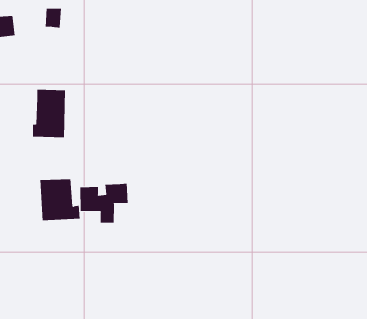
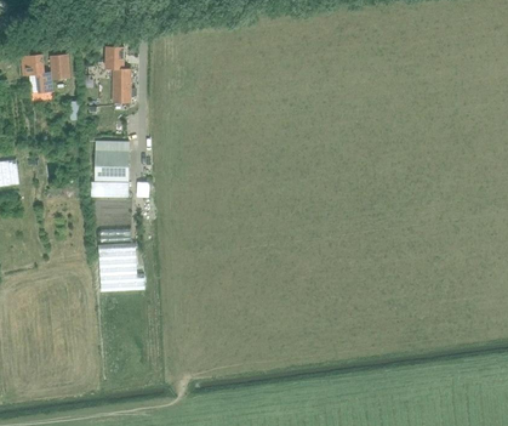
building: none -> [110,68,129,102]
building: [80,183,128,224] -> none

